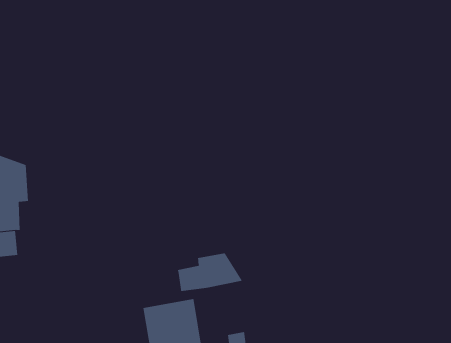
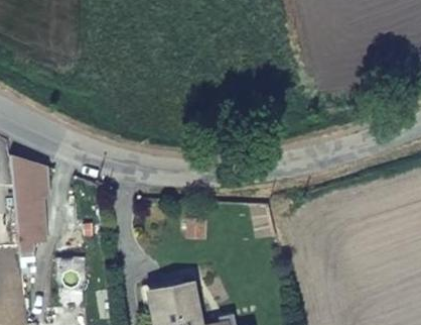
building: [177,253,243,292] -> none

